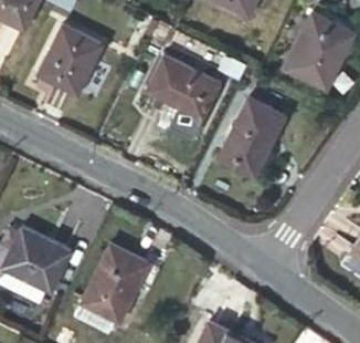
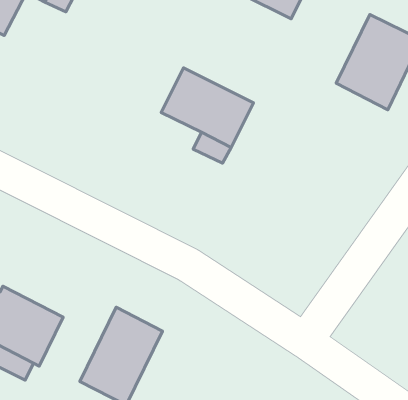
building: [38,28,102,95] -> none
building: [218,98,285,178] -> none

